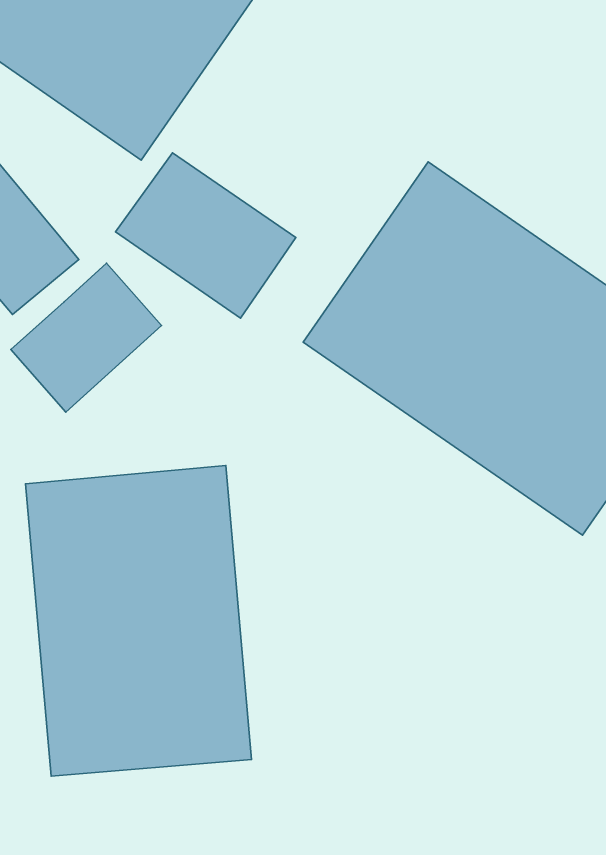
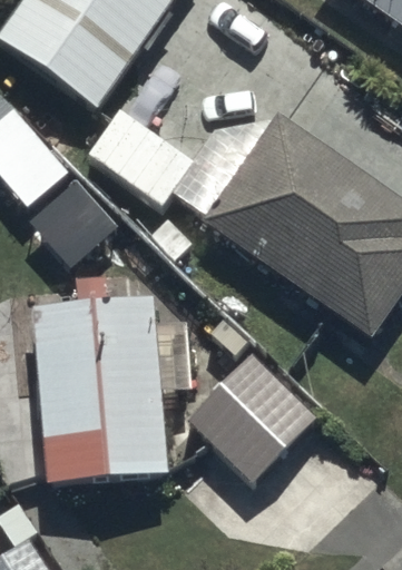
building: none -> [182,347,318,484]

